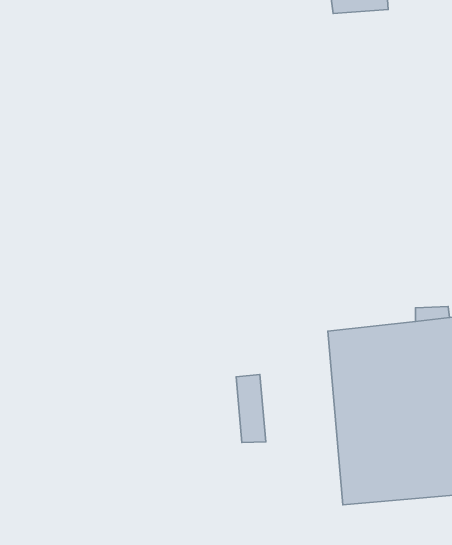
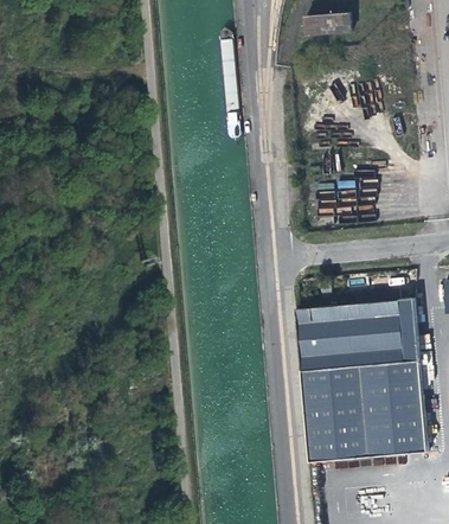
building: [236,375,266,443] -> none

